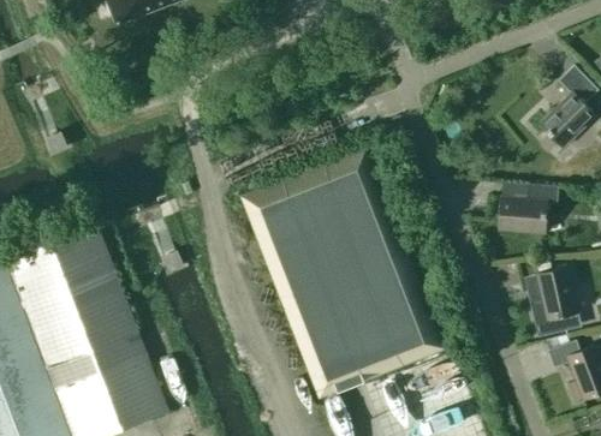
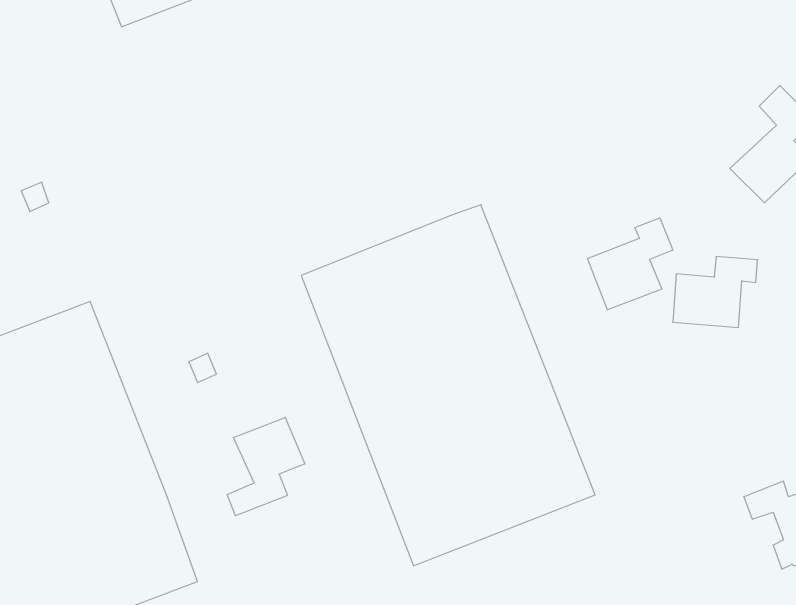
building: none -> [587,218,673,310]
building: [530,267,579,336] -> none
building: none -> [227,417,305,516]

